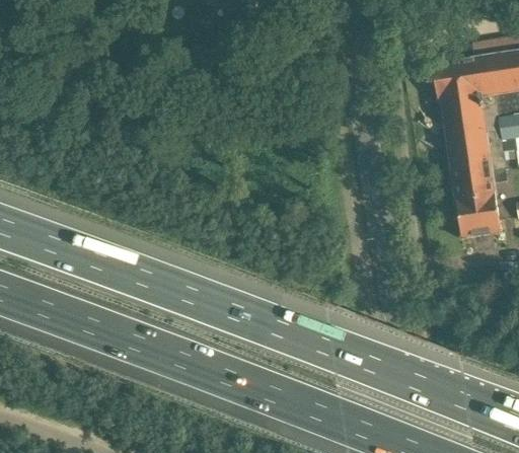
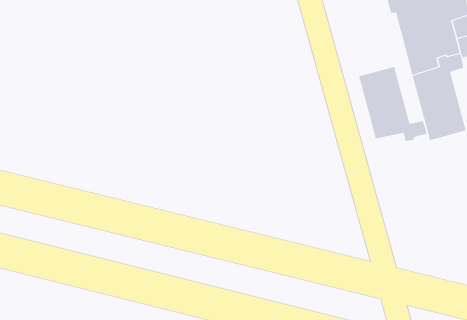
building: none -> [358,66,427,142]

